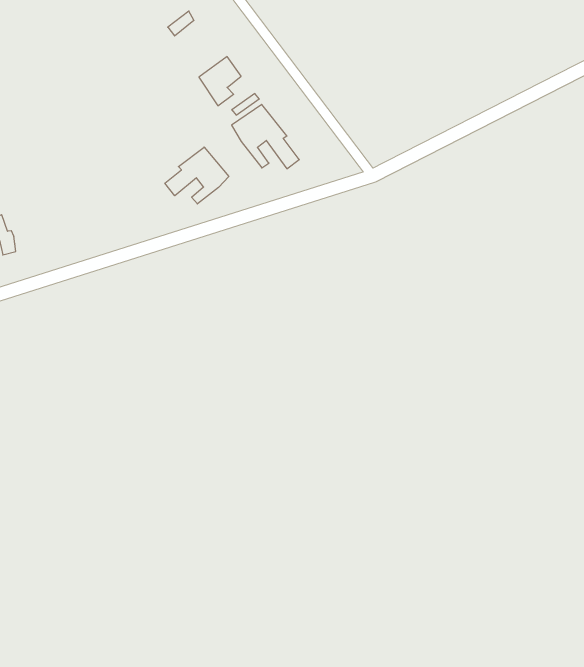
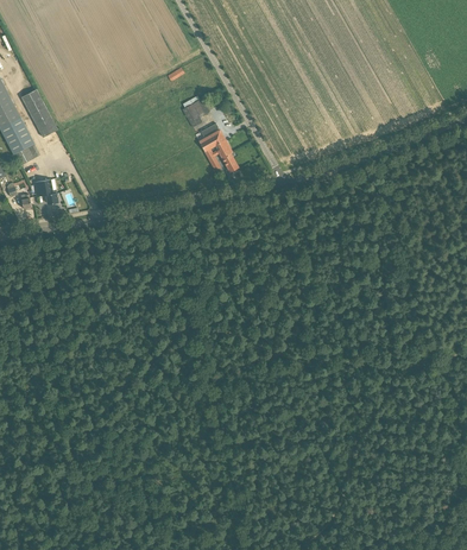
building: [165,147,229,204] -> none

